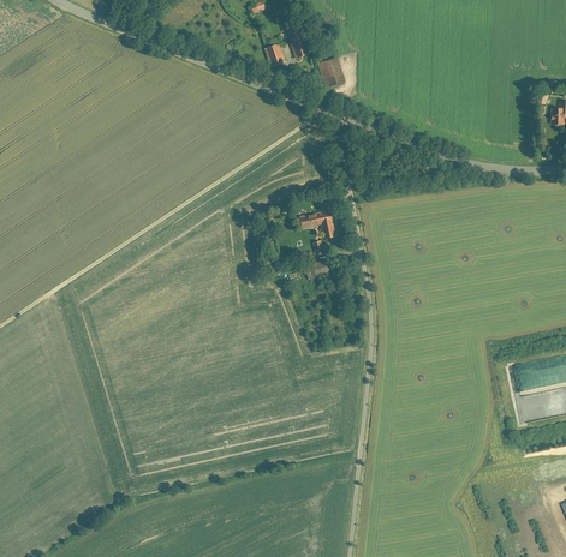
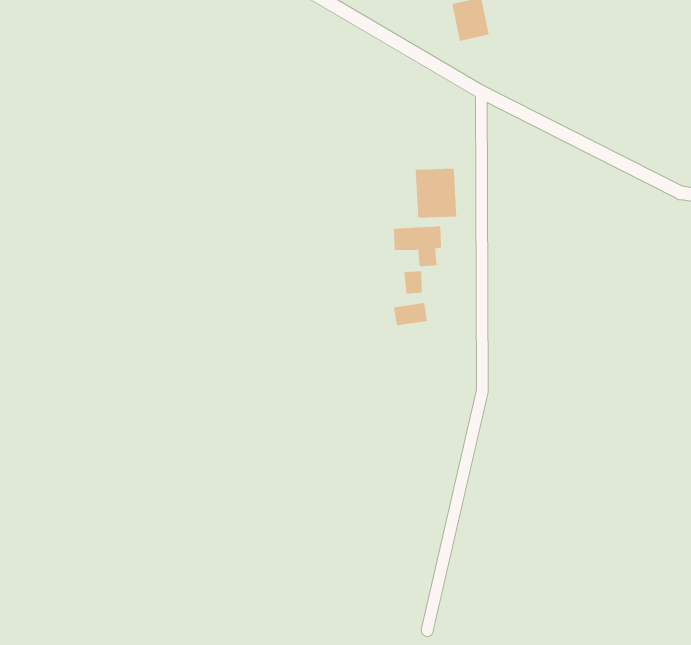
building: none -> [415,168,457,218]

